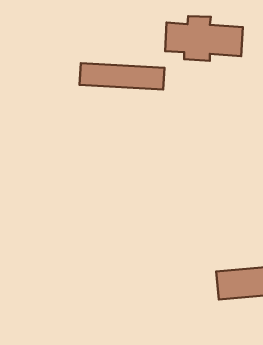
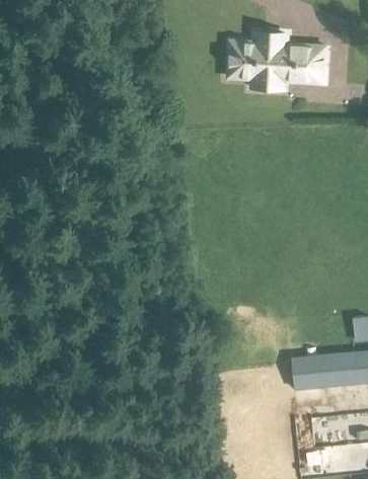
building: [80,63,164,89] -> none

